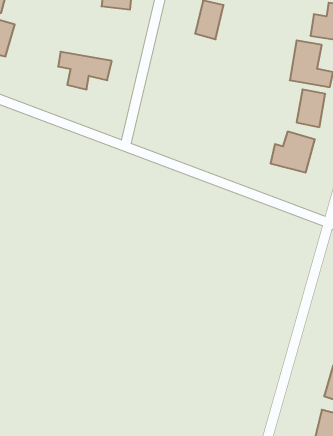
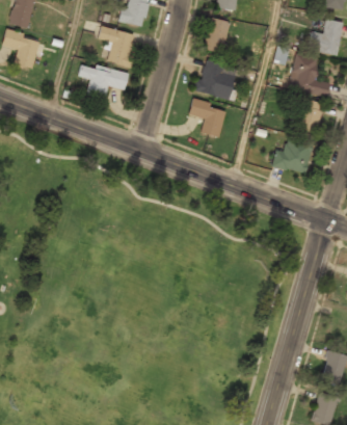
building: none -> [98,27,136,67]
building: none -> [195,59,239,100]
building: none -> [188,98,226,136]

